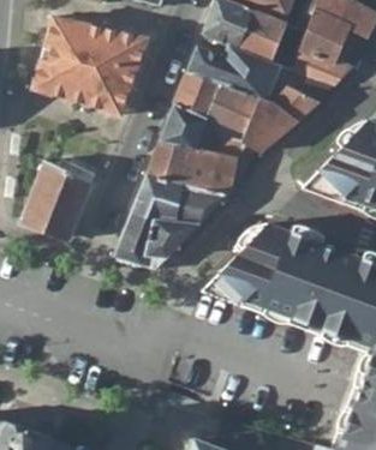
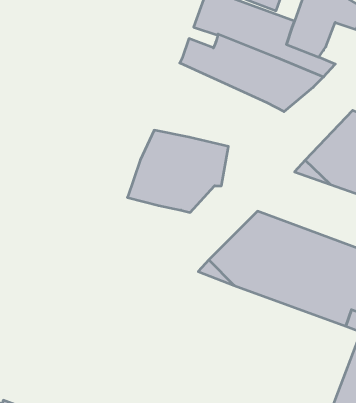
building: [30,16,150,113] -> none
building: [161,71,296,157] -> none
building: [22,162,90,240] -> none
building: [117,210,198,270] -> none

